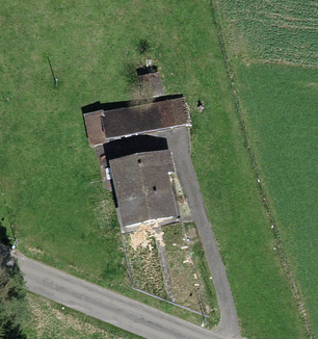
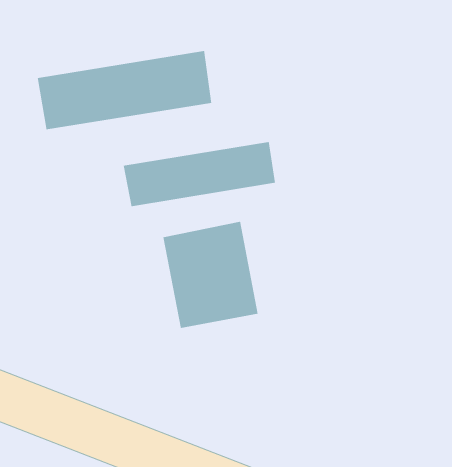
building: none -> [37,50,212,130]

